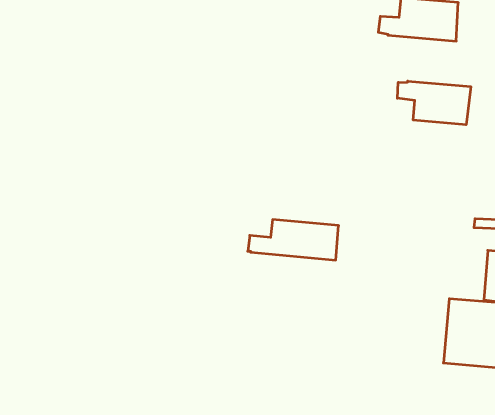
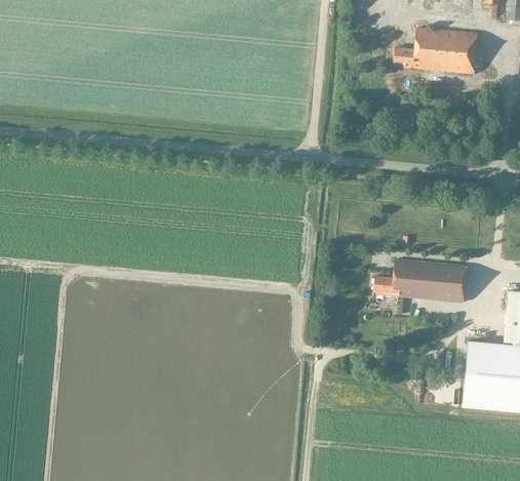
building: [397,81,471,125] -> none
building: [248,220,339,260] -> [373,259,468,302]

